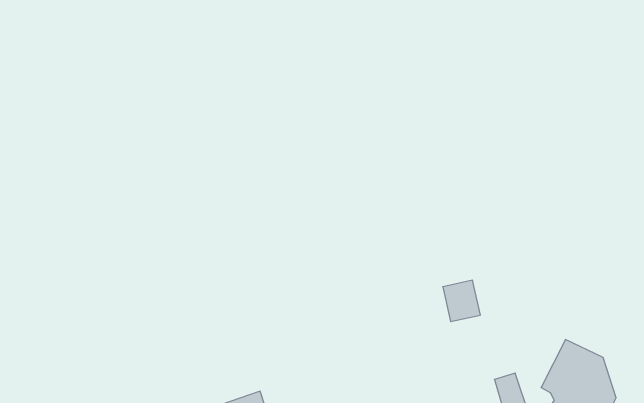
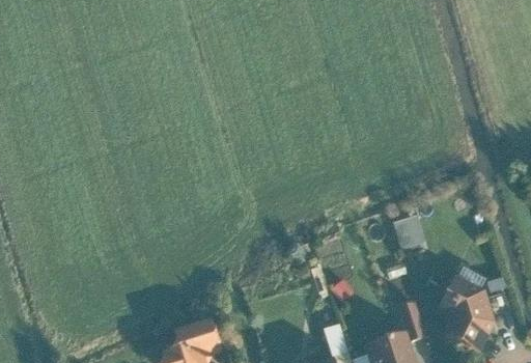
building: [443,280,480,322] -> [396,212,426,245]

